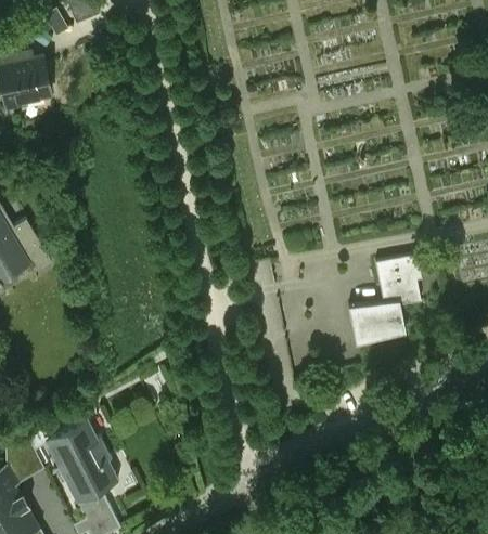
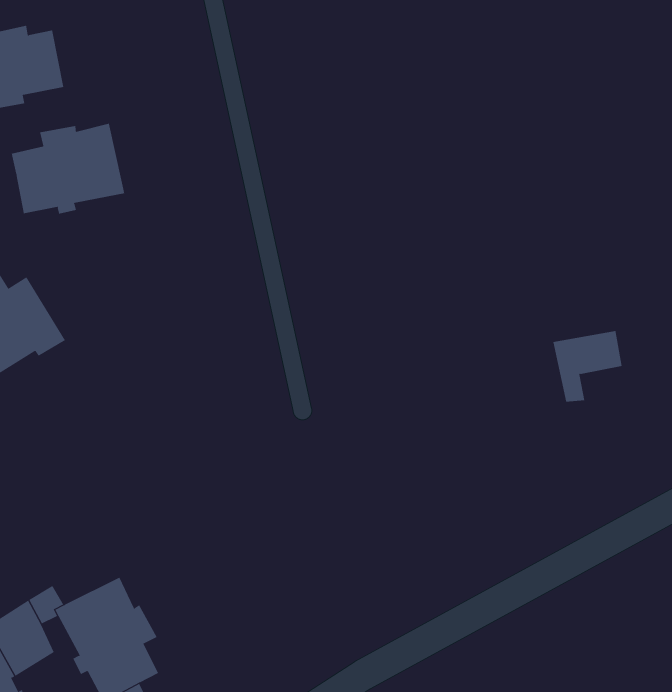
building: none -> [11,123,125,215]
building: [348,302,404,346] -> none

